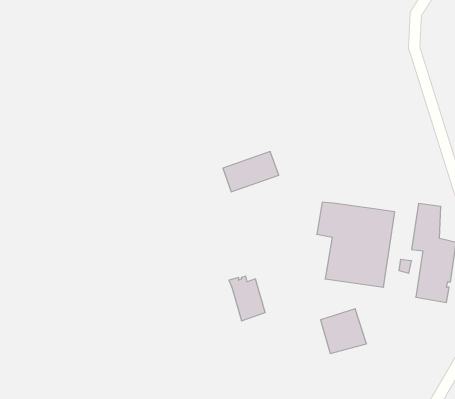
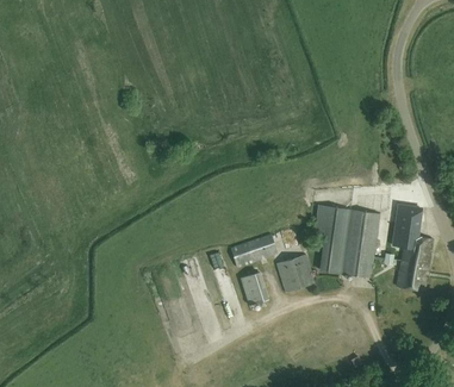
building: [223,152,279,192] -> [230,233,278,268]
building: [320,309,366,353] -> [276,254,316,292]

